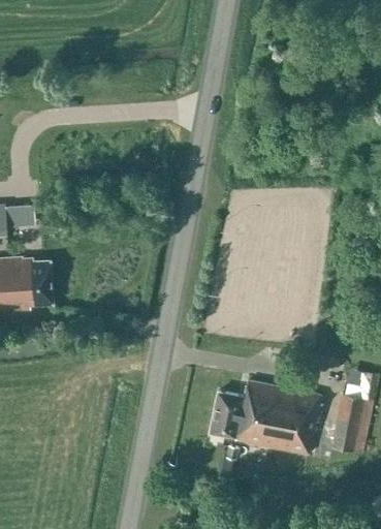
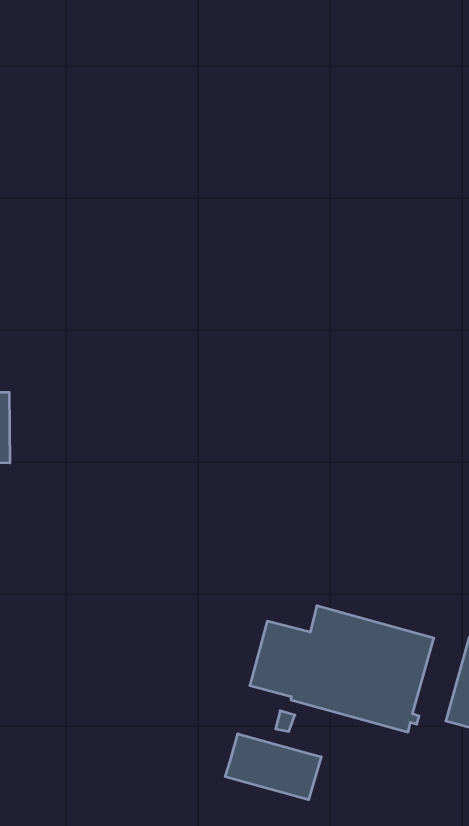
building: none -> [225,734,321,800]

